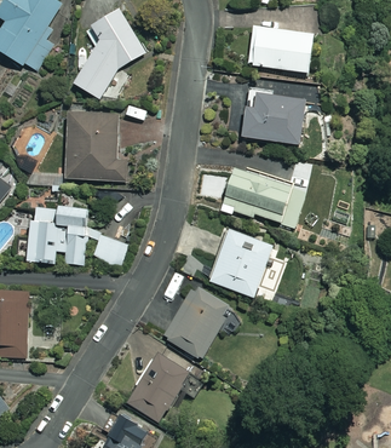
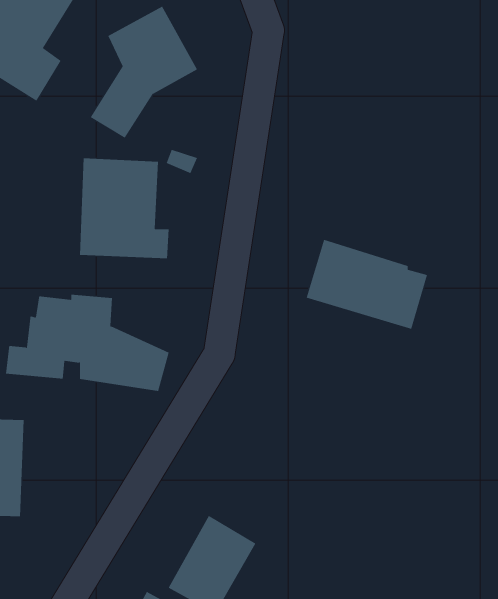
building: [247,28,312,74] -> none
building: [240,96,303,147] -> none
building: [208,231,286,299] -> none
building: [163,287,228,358] -> none

